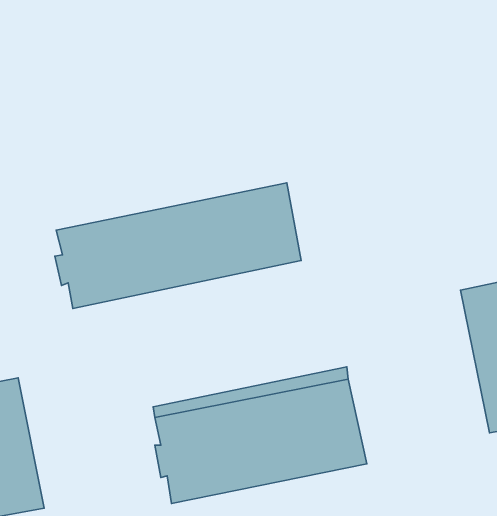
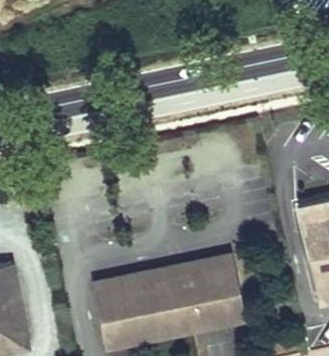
building: [55,183,301,308] -> none

